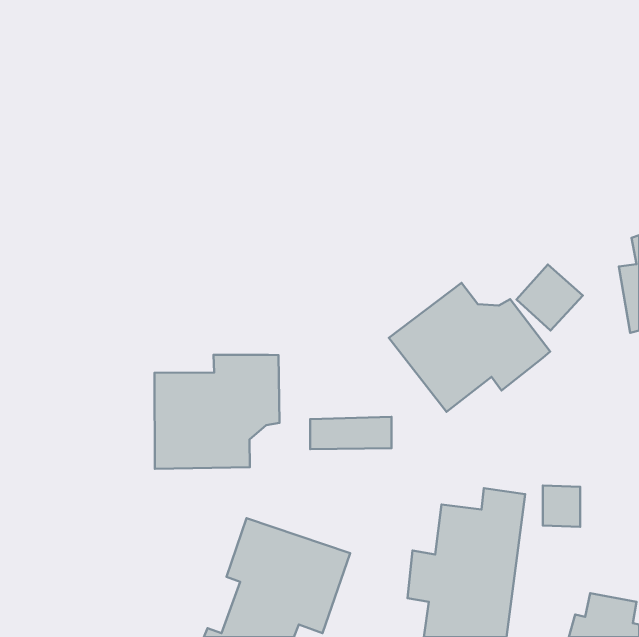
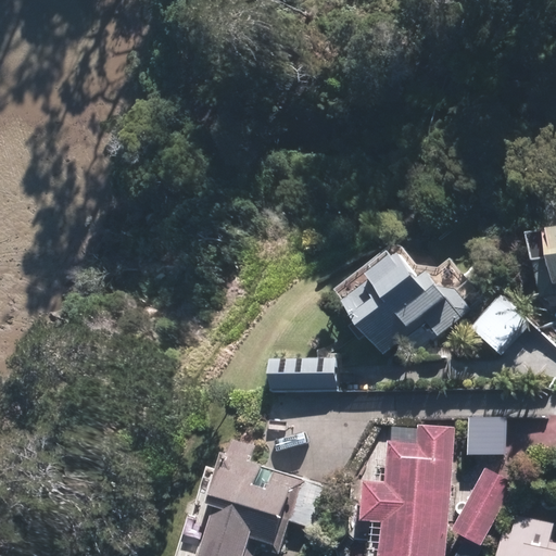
building: [517,264,583,331] -> [470,298,528,355]
building: [154,355,279,469] -> none
building: none -> [452,470,514,548]

